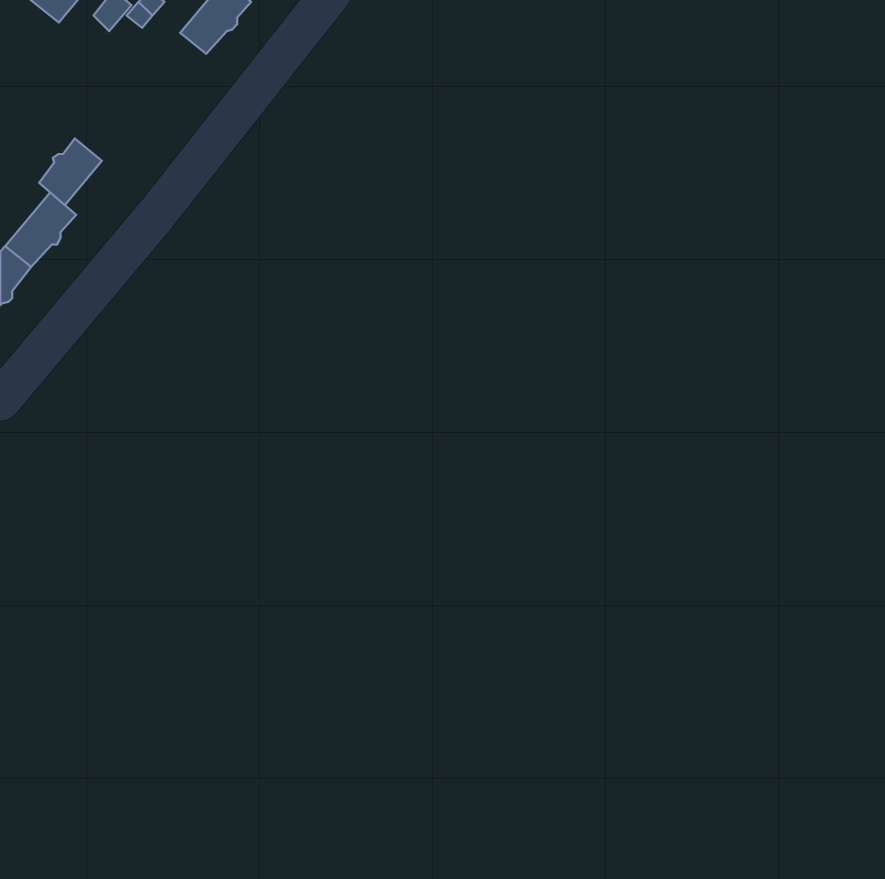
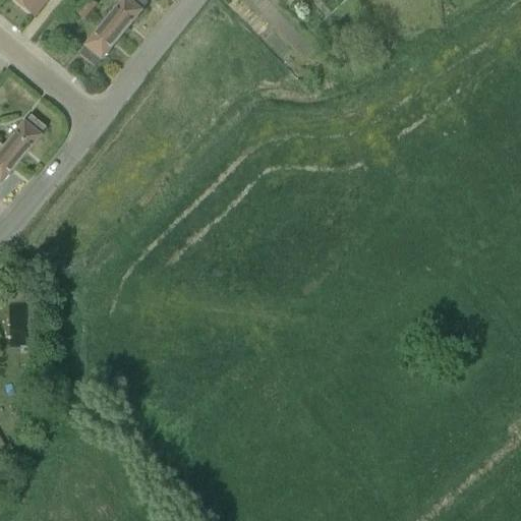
building: none -> [79,19,121,63]
building: [39,138,102,205] -> none

